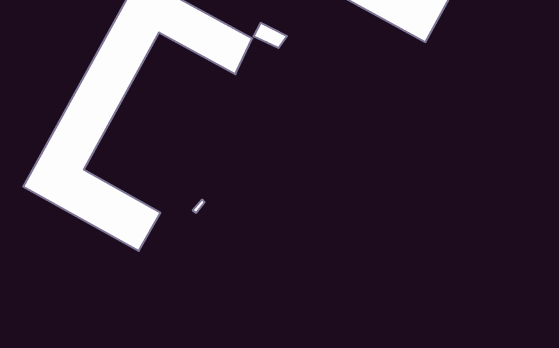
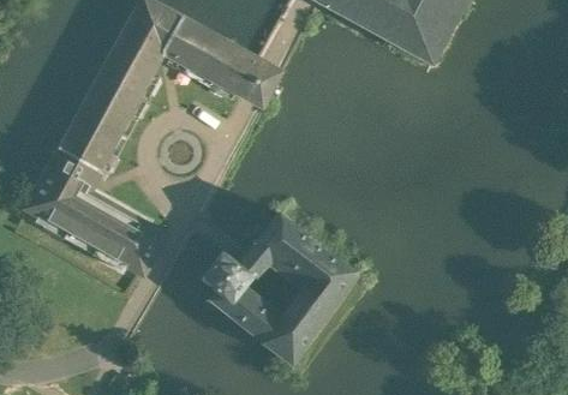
building: none -> [202,214,357,361]

